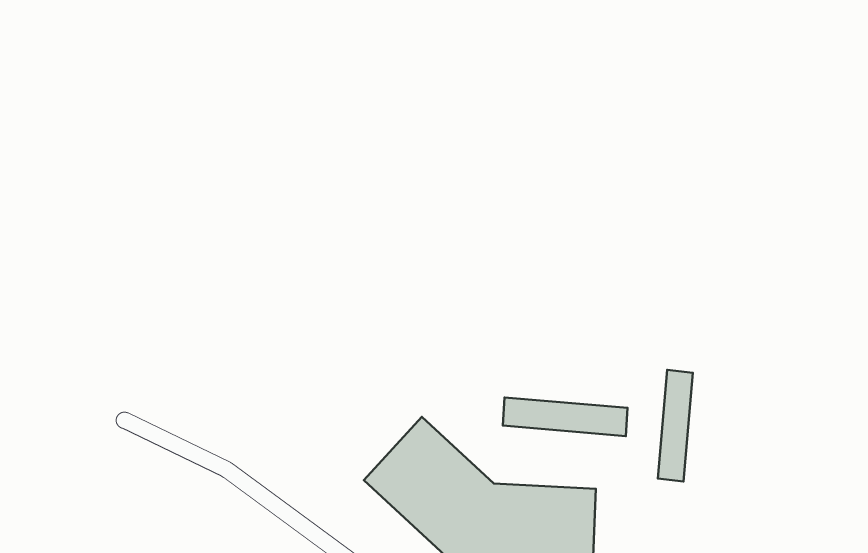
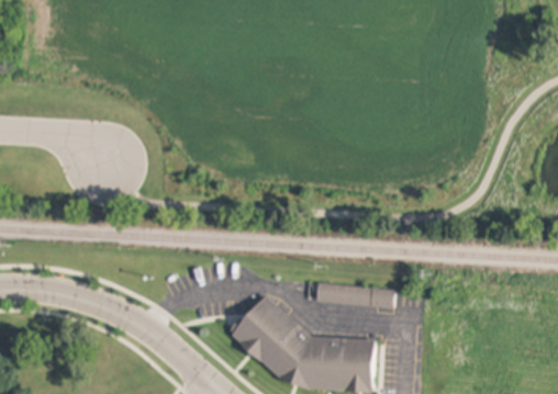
building: [658,370,693,481] -> none

